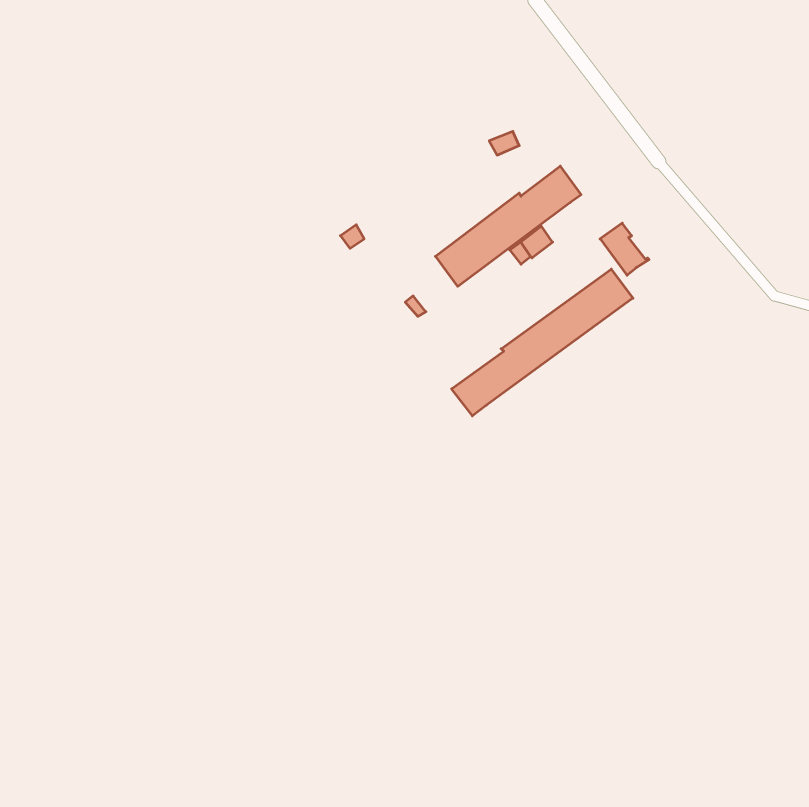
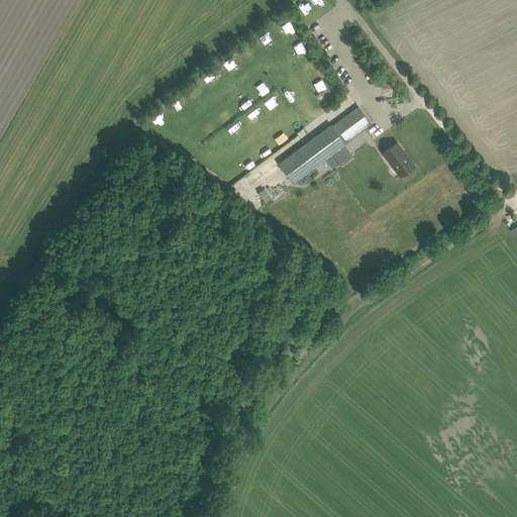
building: [452,269,633,416] -> none

